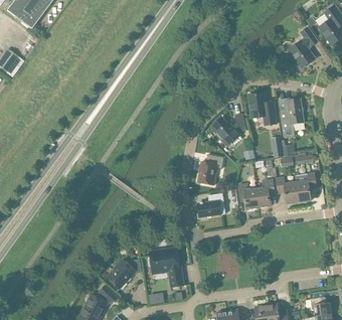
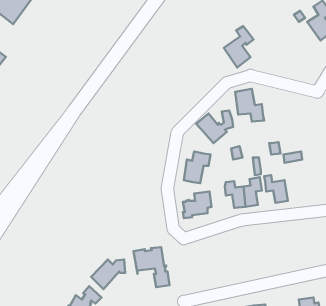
building: [288,28,317,68] -> [224,26,254,67]
building: [280,99,303,137] -> none
building: [296,173,316,202] -> none

